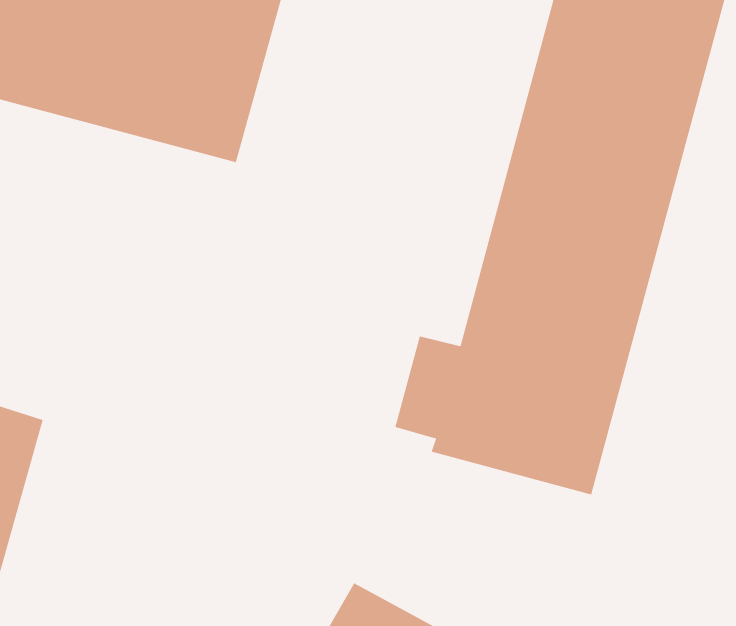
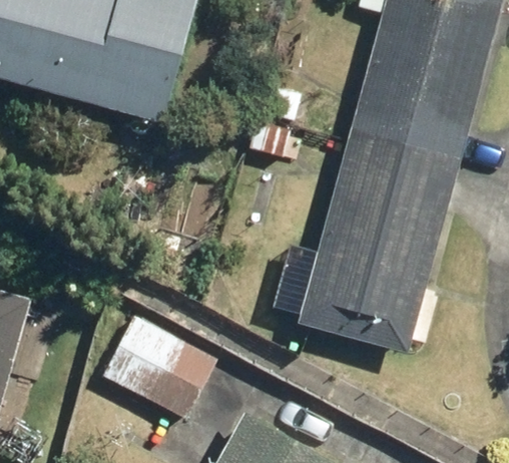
building: none -> [103,315,217,418]

